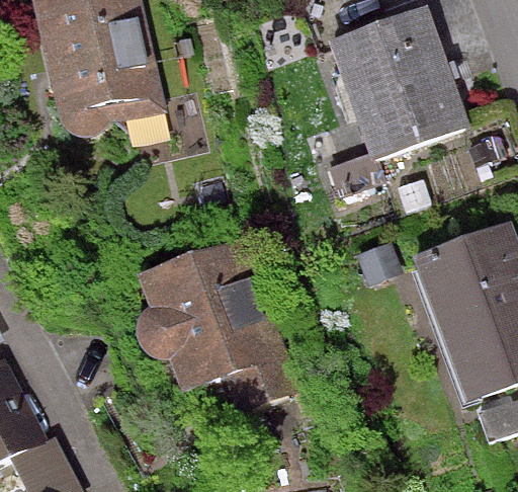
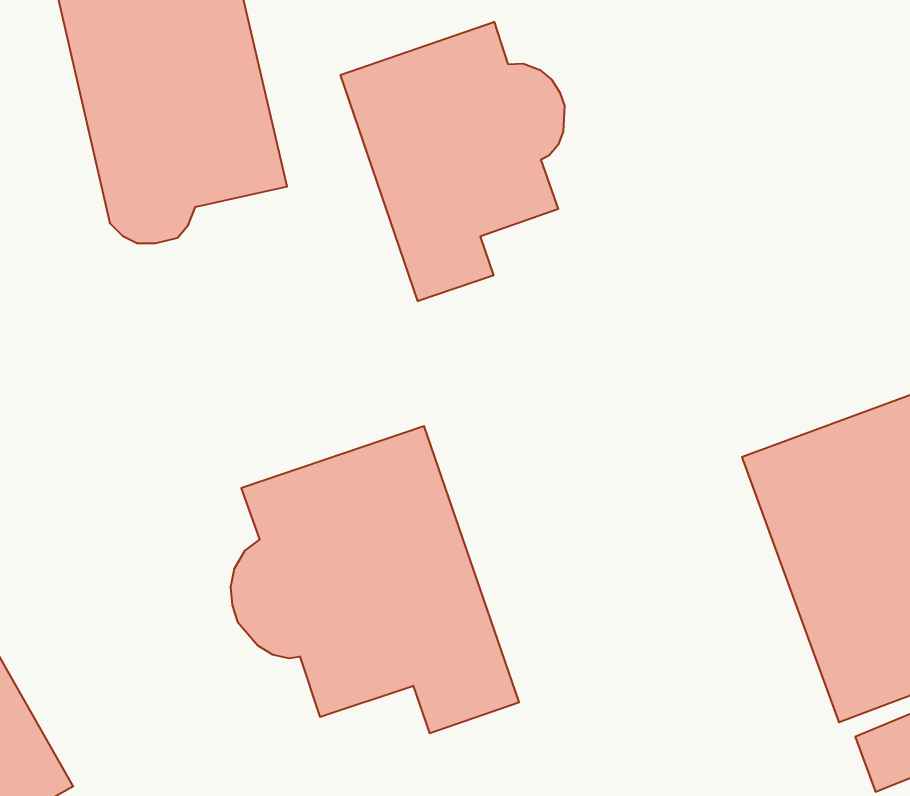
building: [323,9,469,198] -> none
building: none -> [341,22,565,301]

